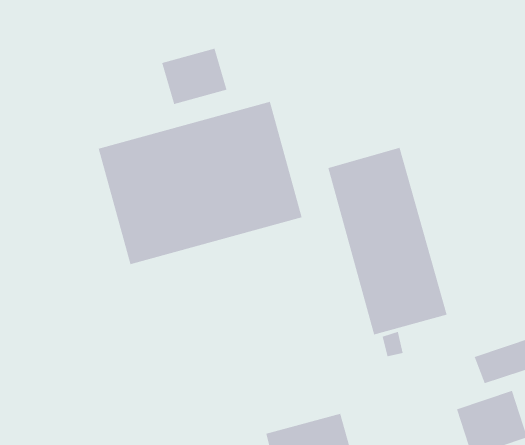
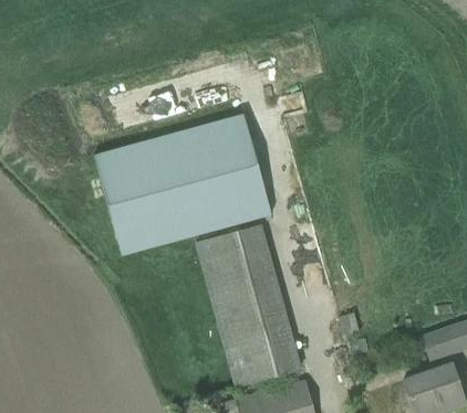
building: [162,48,227,105] -> none
building: [327,147,448,335] -> [196,223,300,385]

